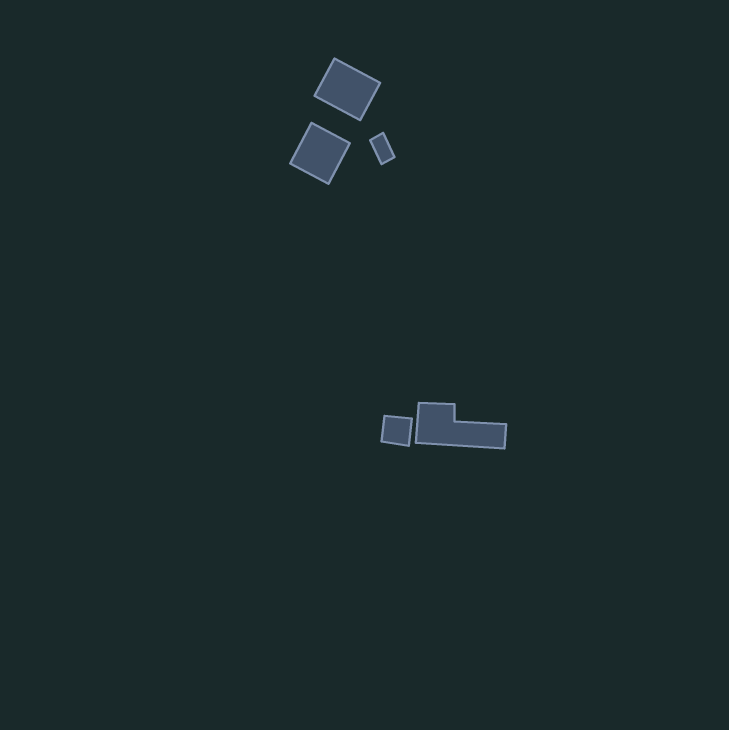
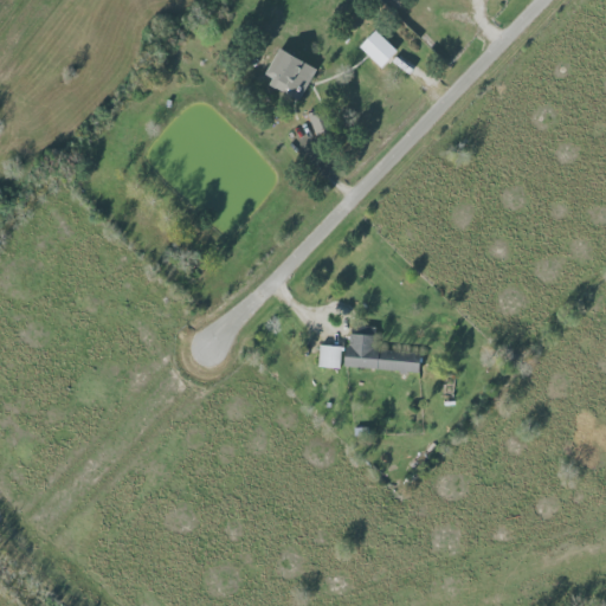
building: none -> [359,30,397,67]
building: [290,123,350,184] -> none

